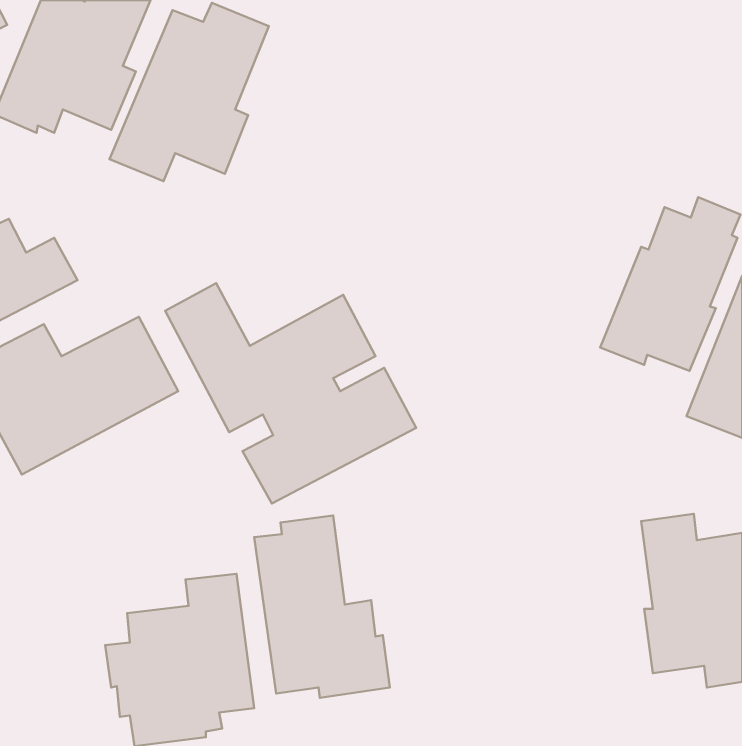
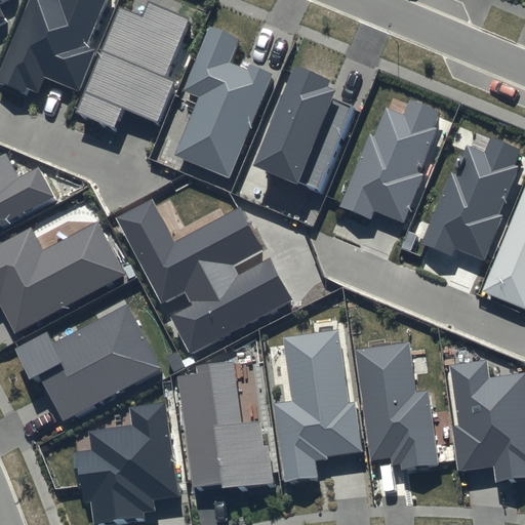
building: none -> [174,27,272,178]
building: none -> [256,67,352,190]
building: none -> [339,100,439,224]
building: none -> [15,305,163,421]
building: none -> [274,330,362,483]
building: none -> [355,342,439,471]

